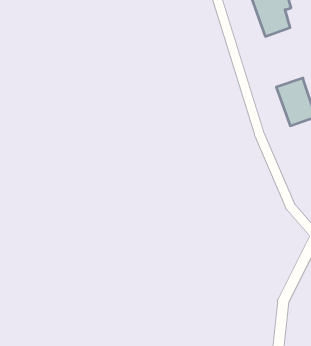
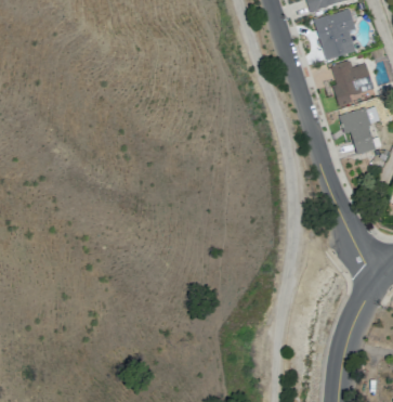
building: none -> [330,60,368,106]

